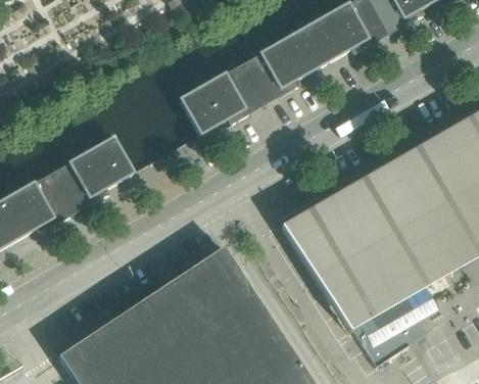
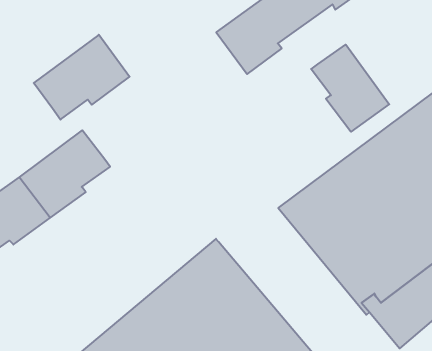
building: [180,61,267,134] -> [34,35,130,120]
building: none -> [311,45,389,132]

